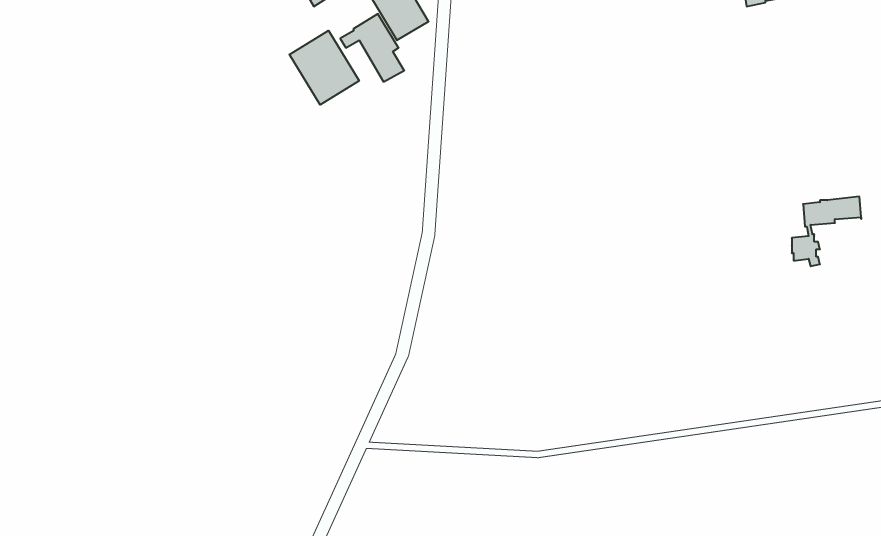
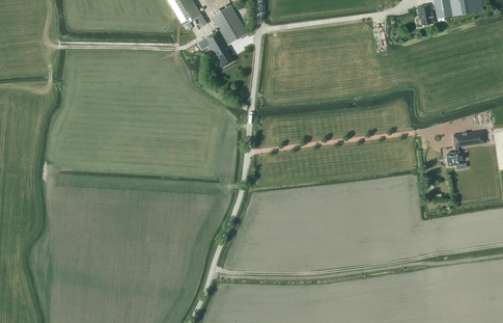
building: [289,31,359,105] -> none

